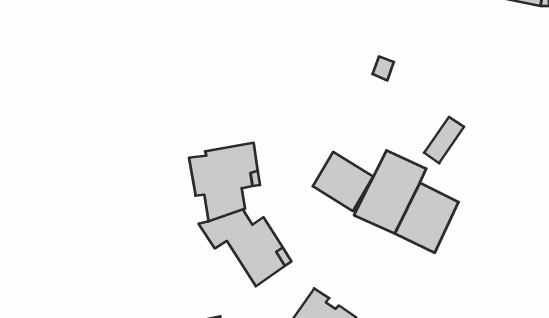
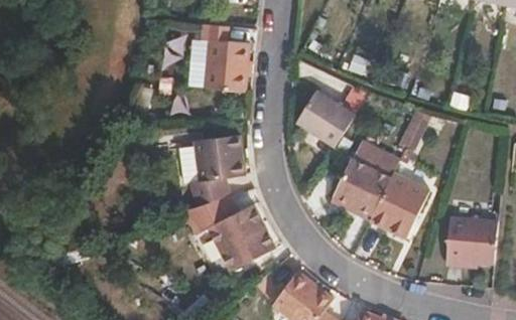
building: none -> [201,24,249,93]
building: [313,152,373,211] -> [297,92,354,147]
building: none -> [444,216,497,264]

